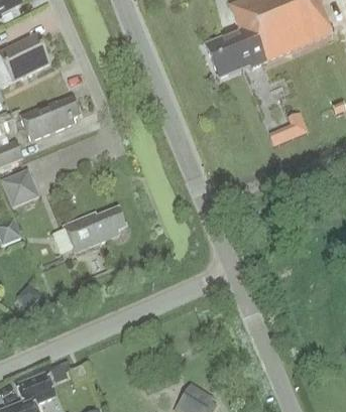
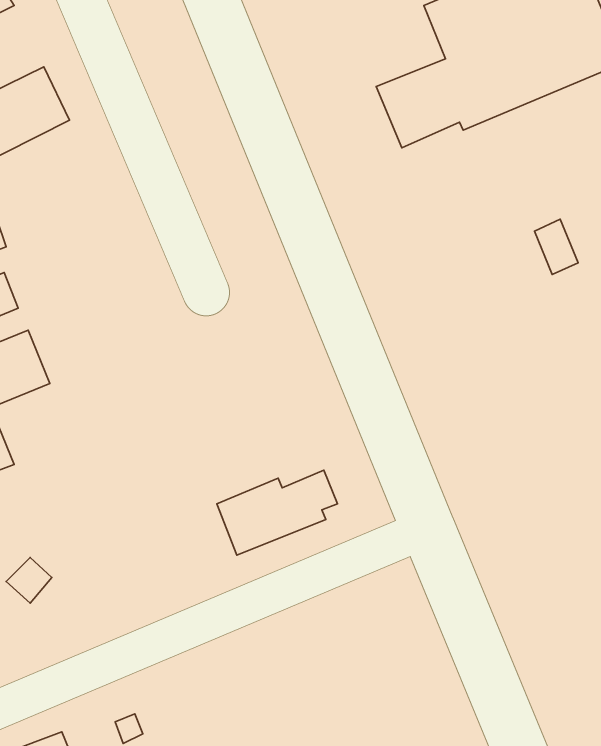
building: [19,97,79,139] -> none
building: [64,208,125,251] -> [217,470,338,555]

